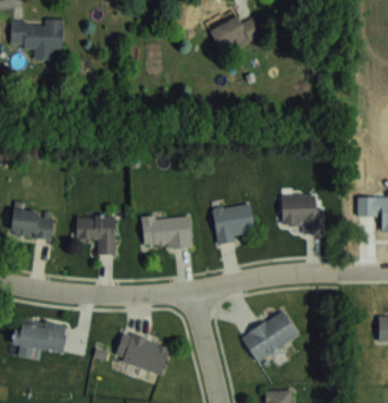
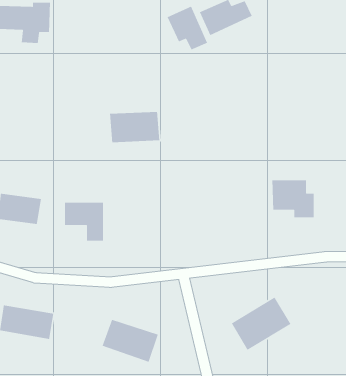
building: none -> [167,5,208,51]
building: [212,204,255,242] -> none
building: [141,217,191,248] -> [109,111,160,143]

